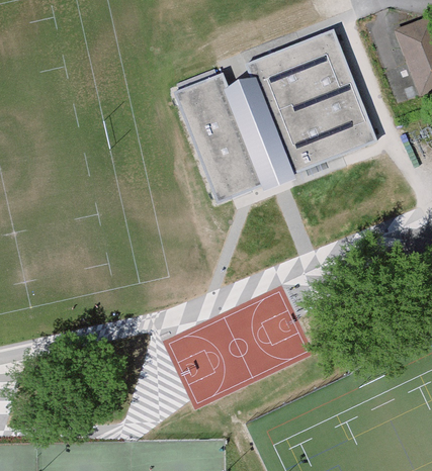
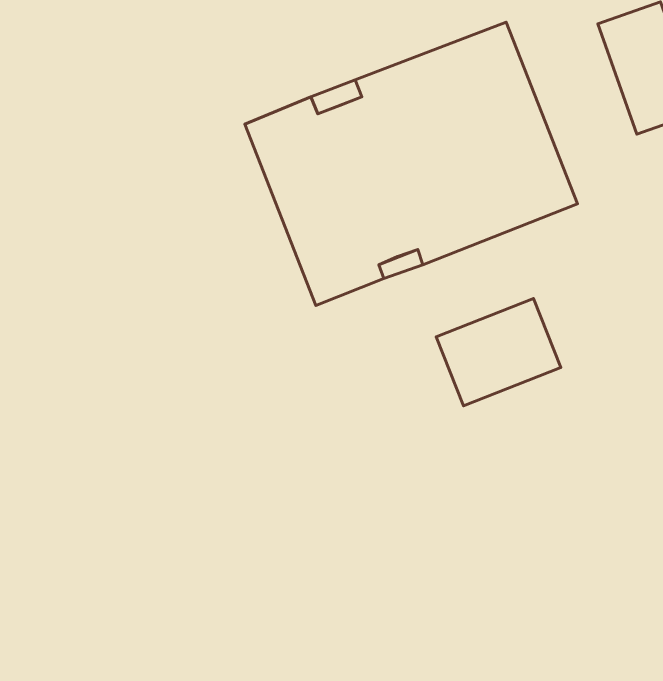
building: none -> [436,299,561,406]

